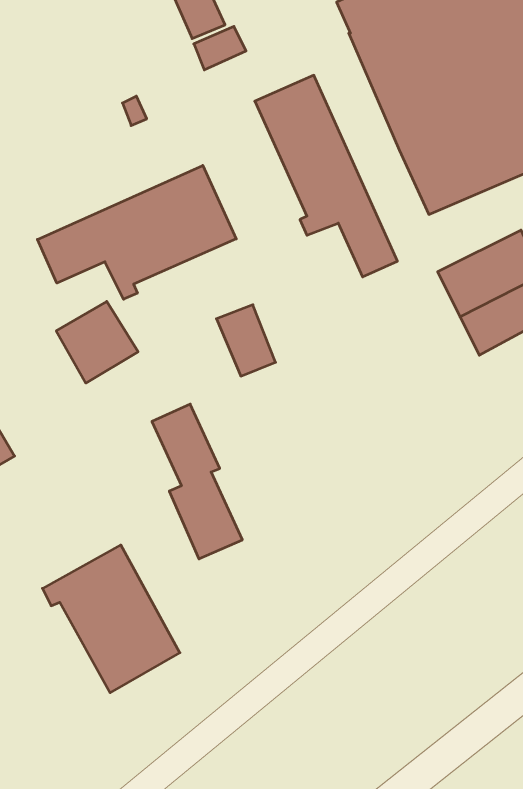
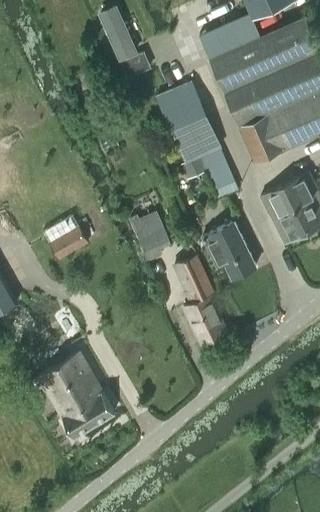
building: [37,165,236,299] -> none
building: none -> [203,222,256,277]
building: [152,404,242,559] -> [175,256,227,345]

